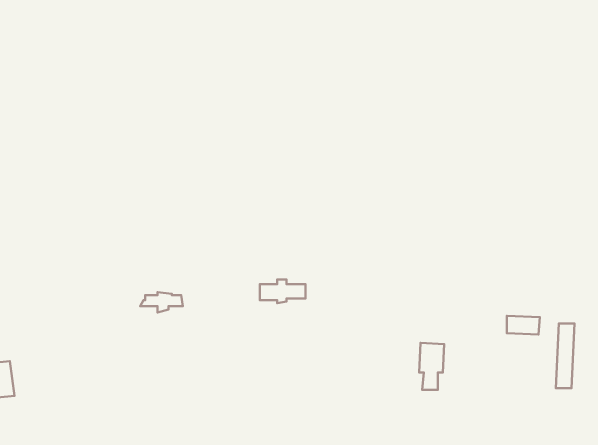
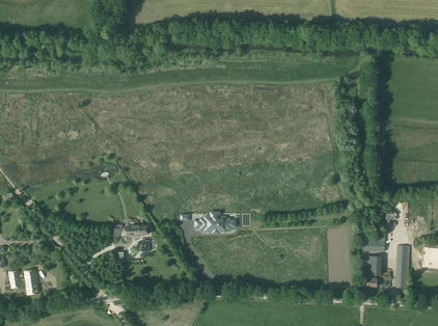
building: [419,343,444,390] -> [365,254,382,286]

